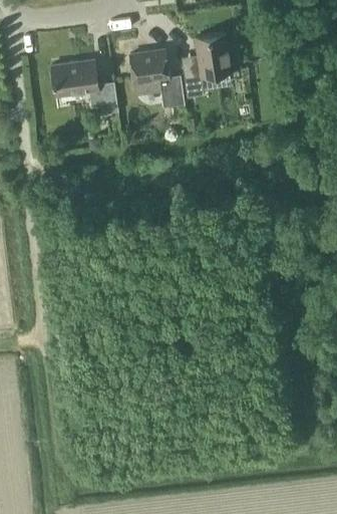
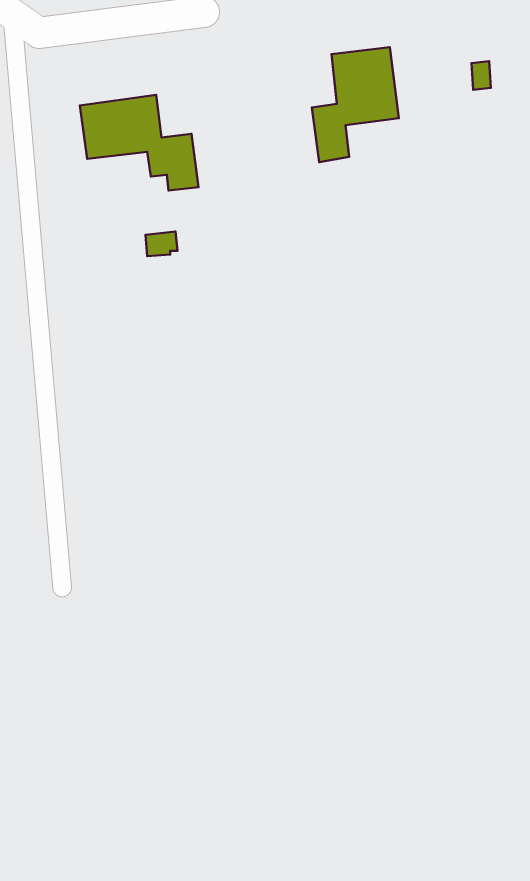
building: [129,51,185,108] -> none

